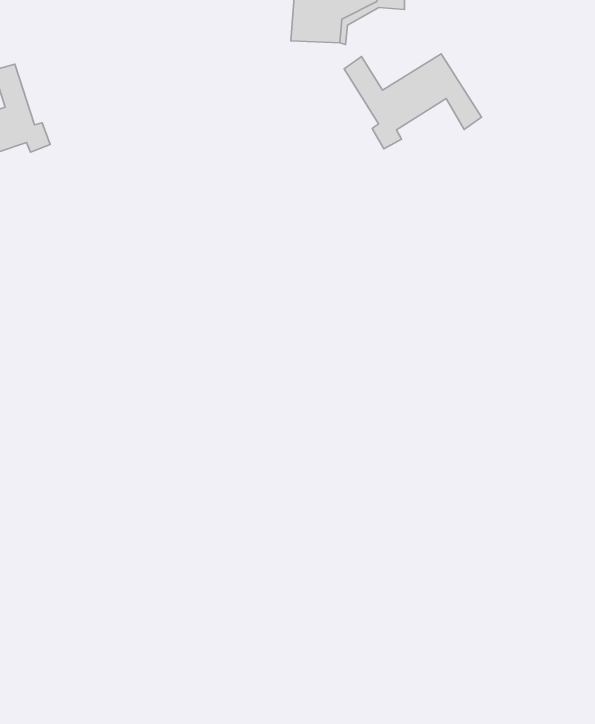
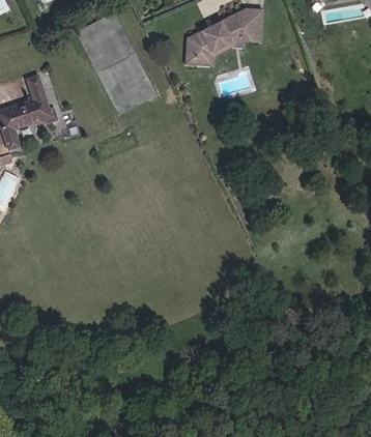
building: [344,54,482,149] -> none

